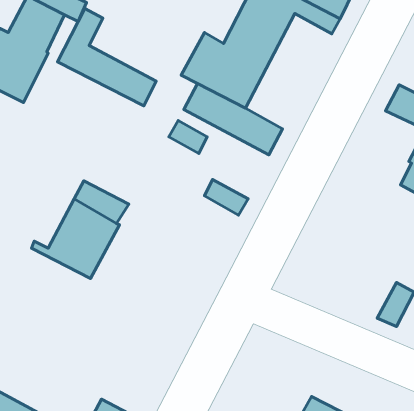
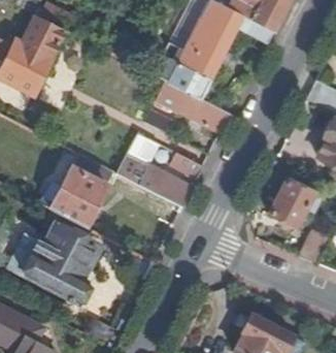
building: [58,8,156,106] -> [117,132,192,205]
building: none -> [275,181,313,227]
building: none -> [26,221,98,301]

